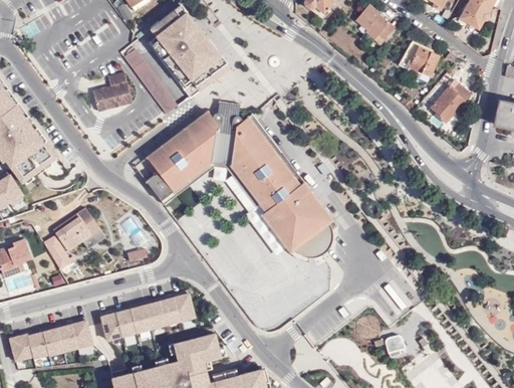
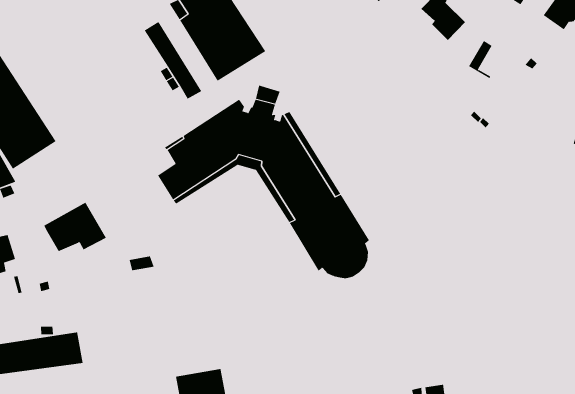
building: [409,46,439,76] -> none
building: [92,71,130,110] -> none
building: [429,82,470,124] -> none
building: [43,234,72,268] -> none
building: [99,287,197,339] -> none

